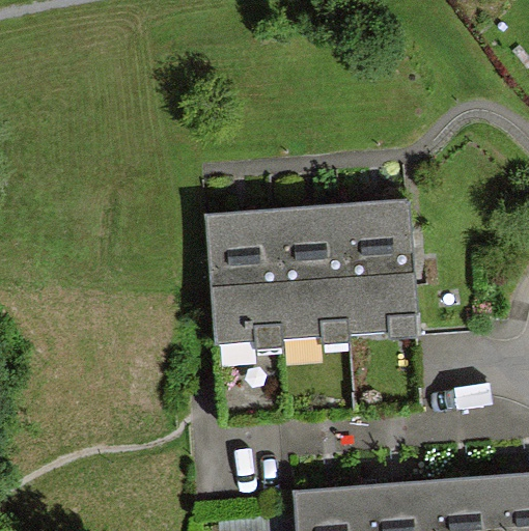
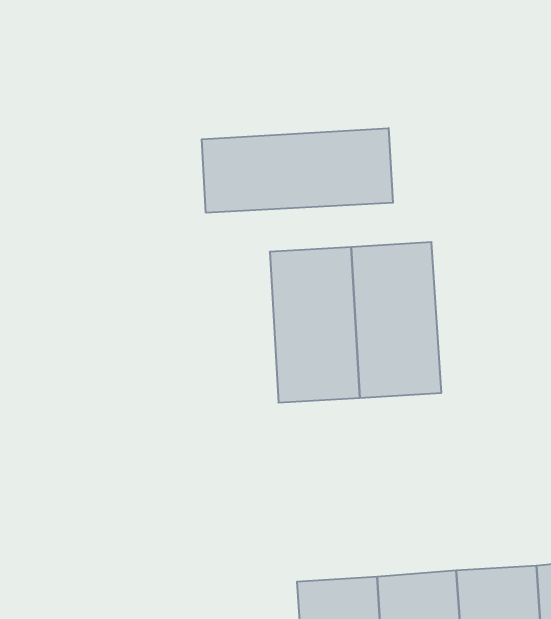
building: none -> [202,128,393,213]
building: [204,214,280,344] -> none

